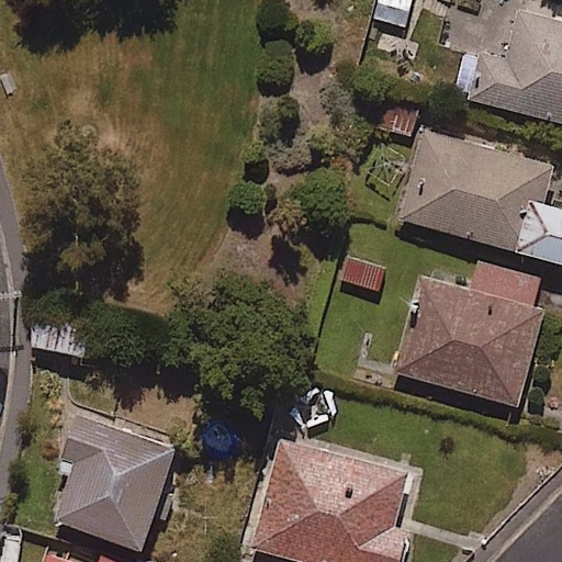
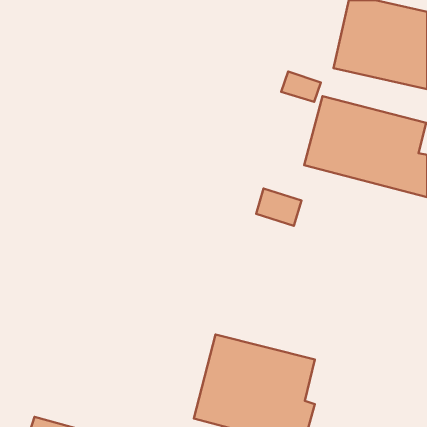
building: [396,265,547,407] -> none
building: [49,418,179,551] -> none

